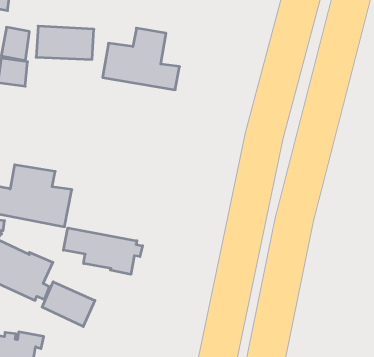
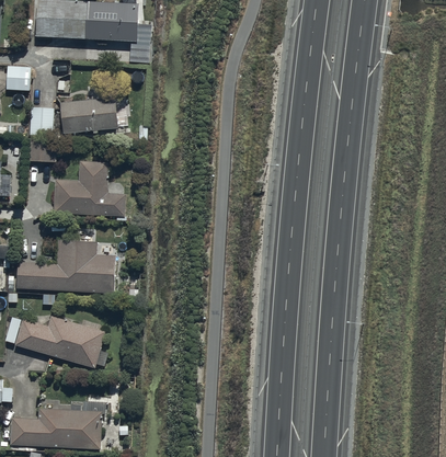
building: [103,28,180,90] -> [53,161,126,216]
building: [63,228,143,274] -> none
building: [42,282,95,327] -> none

